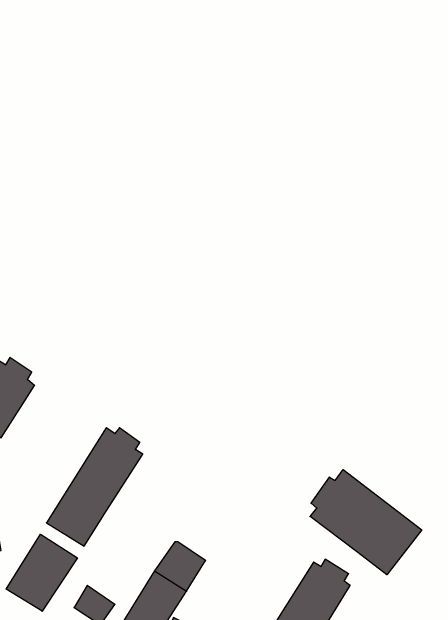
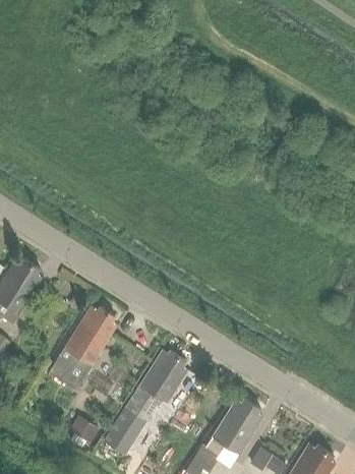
building: [310,470,422,575] -> none
building: none -> [141,351,187,403]
building: [6,534,77,611] -> none

